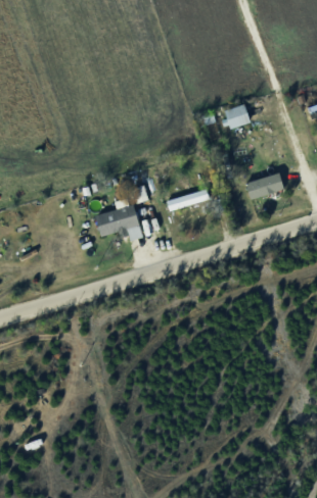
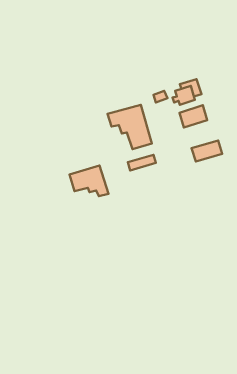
building: none -> [107,105,152,149]
building: none -> [179,105,207,128]

